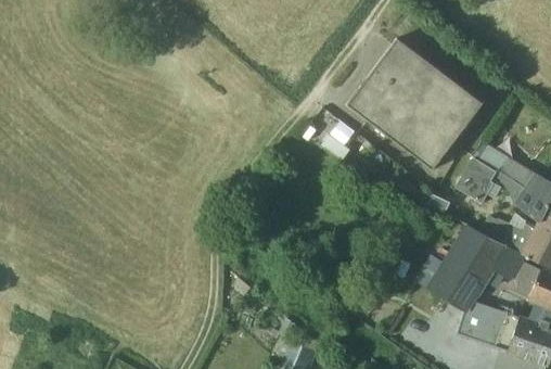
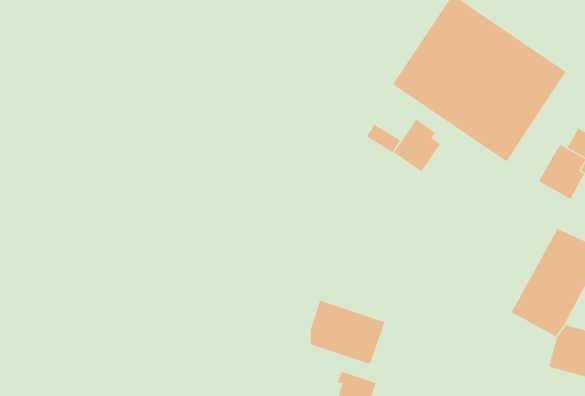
building: none -> [393,119,441,172]
building: none -> [310,300,385,365]

